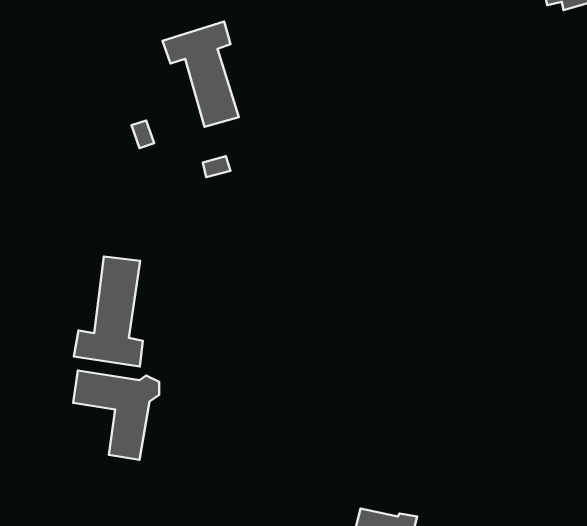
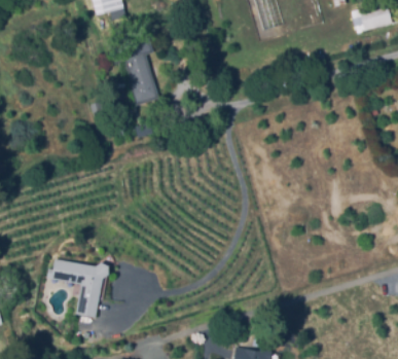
building: [74,256,143,366] -> none

